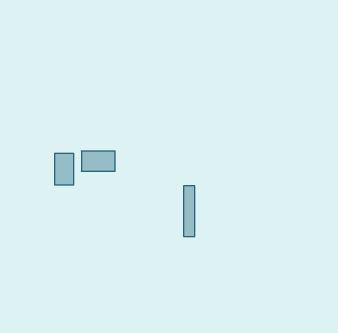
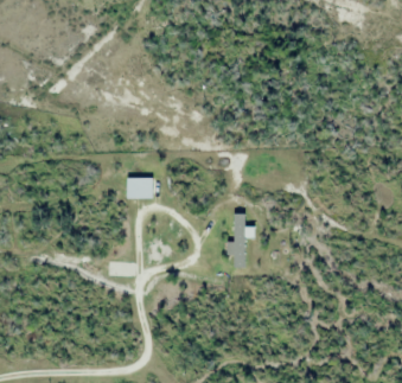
building: [55,153,74,185] -> none

